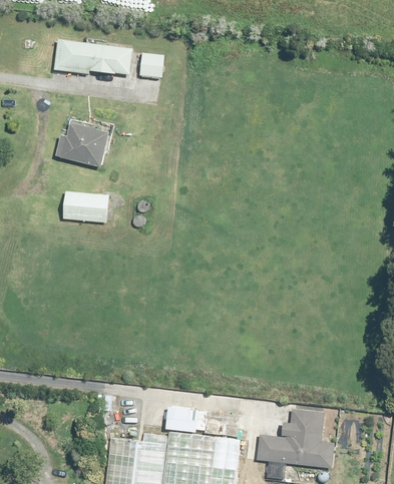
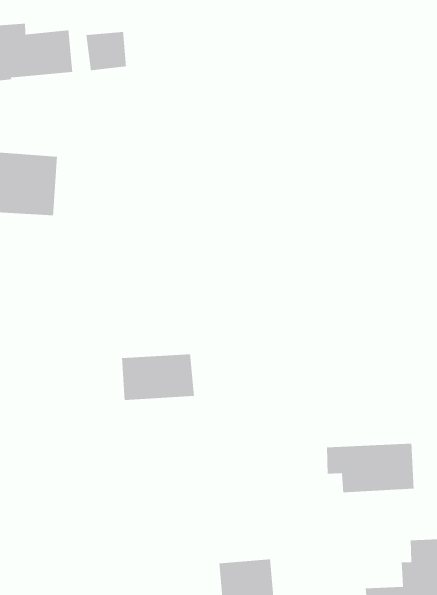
building: [63,193,111,226] -> [121,354,195,401]
building: none -> [326,443,415,493]

